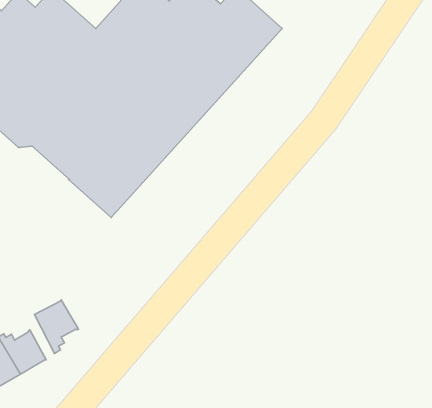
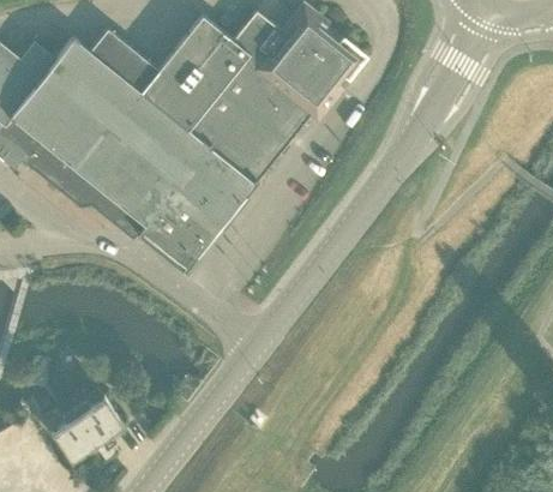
building: [35,300,79,353] -> none

